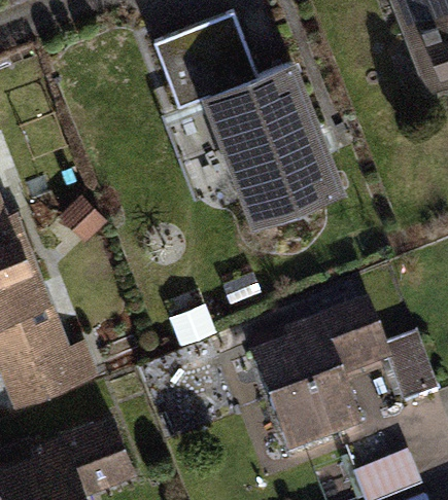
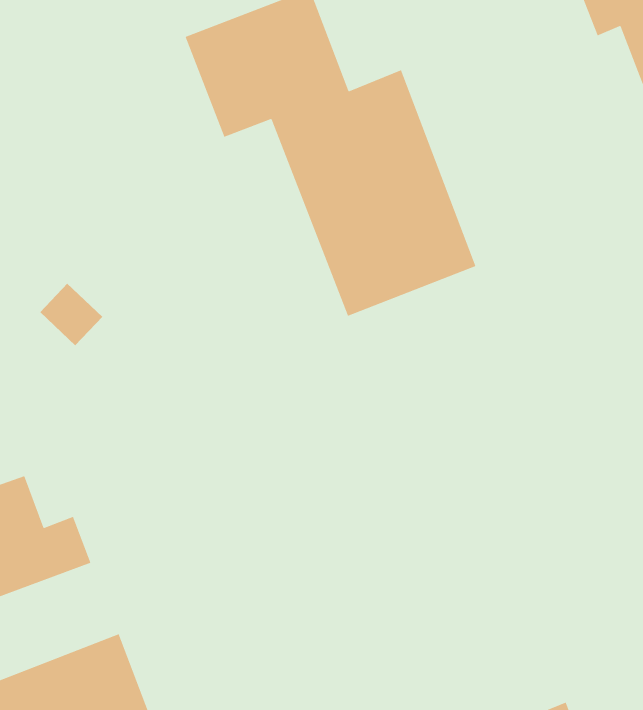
building: [254,311,437,454] -> none

